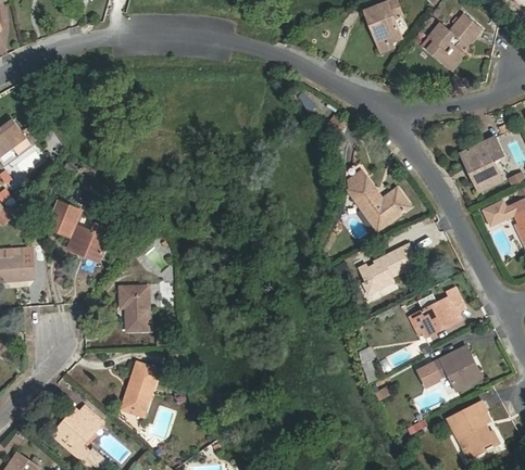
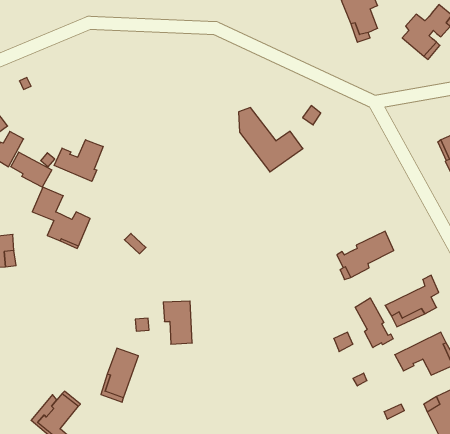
building: none -> [54,140,103,181]
building: none -> [11,152,52,187]
building: [345,164,410,229] -> [239,108,303,172]
building: [120,285,149,329] -> [163,301,192,344]
building: none -> [355,298,393,348]

